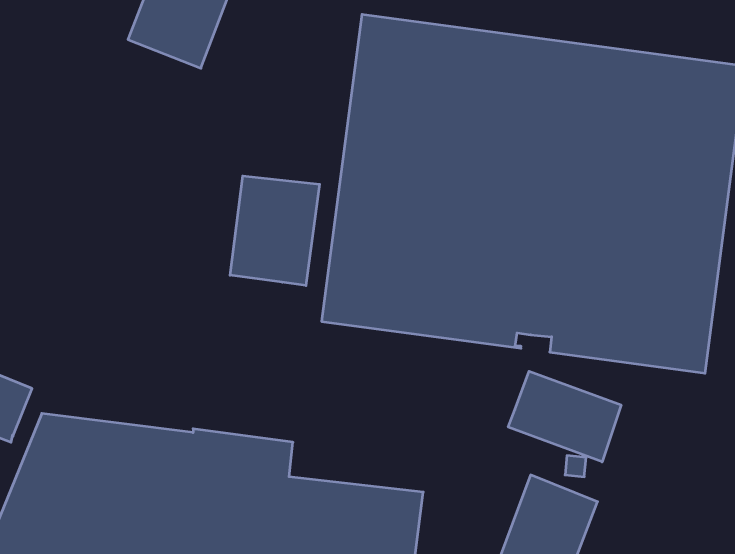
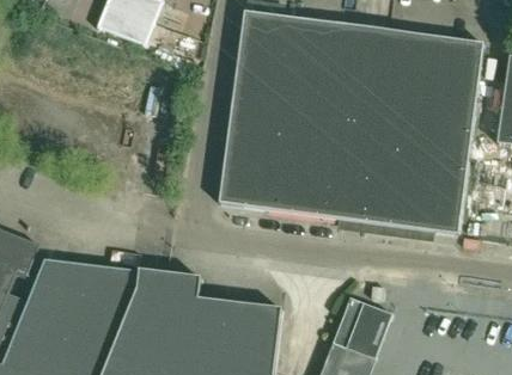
building: [230,176,320,286] -> none
building: [508,371,621,462] -> none

